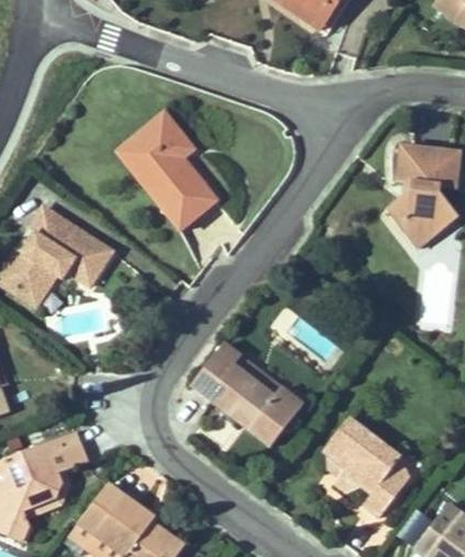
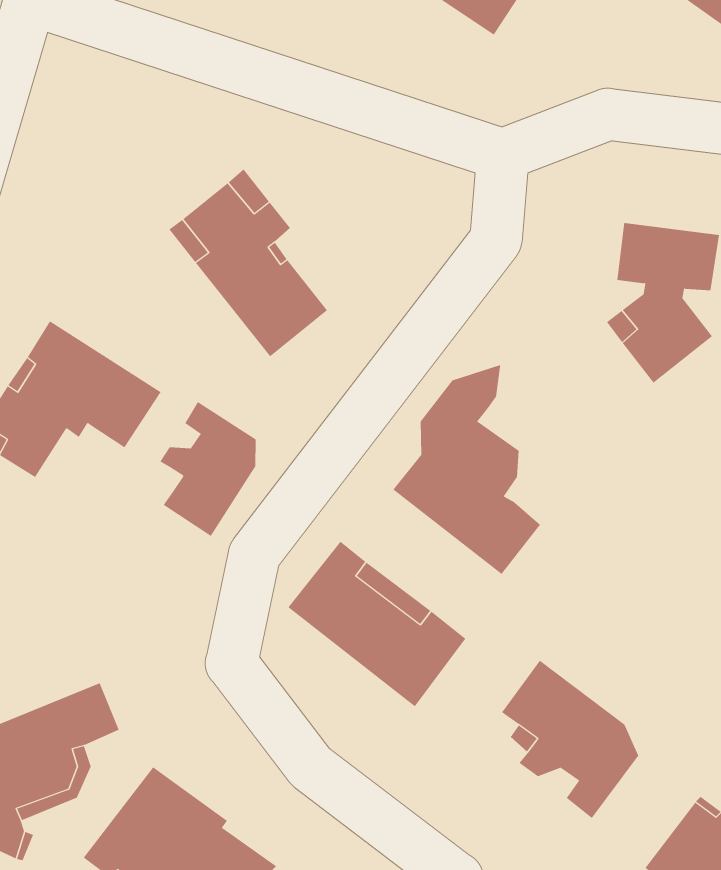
building: none -> [393,364,541,575]
building: none -> [159,401,256,537]

